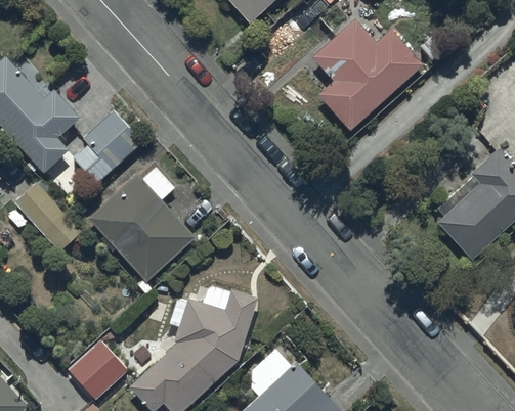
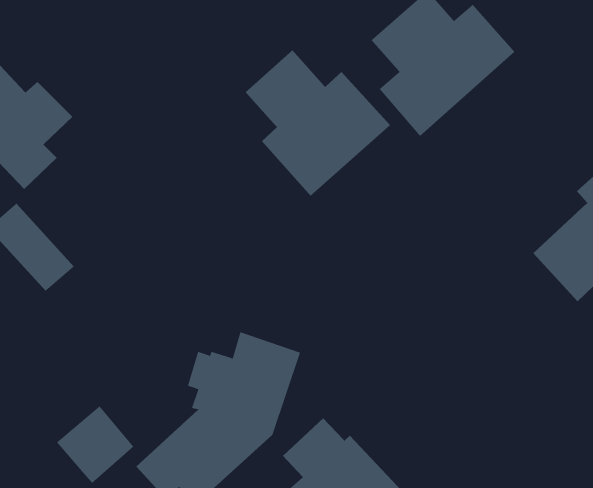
building: none -> [245,50,391,197]
building: [72,108,144,185] -> none
building: [88,167,195,281] -> none

